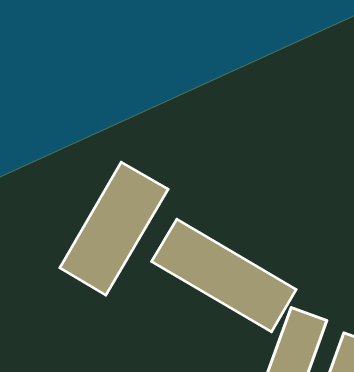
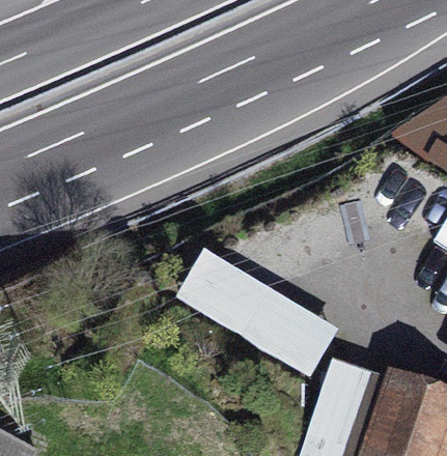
building: [60,162,168,295] -> none

